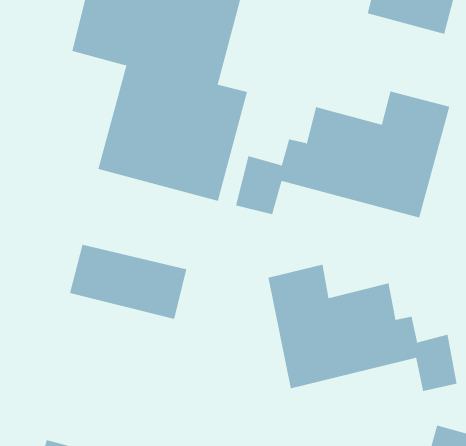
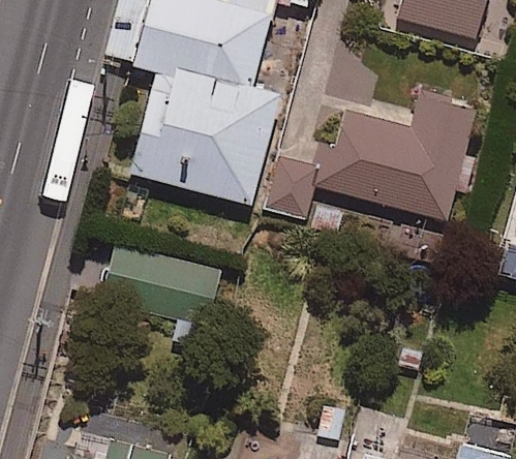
building: [268,264,457,392] -> none

